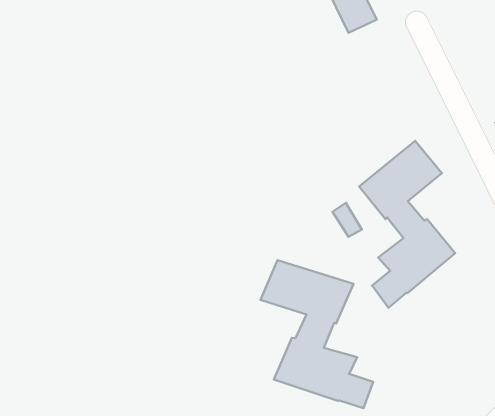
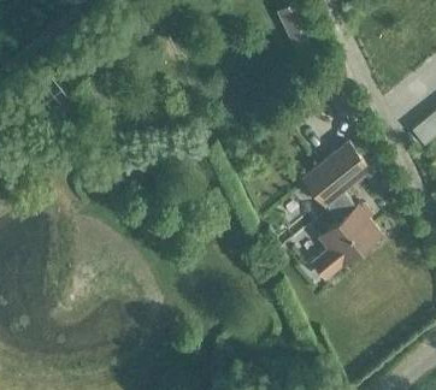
building: [260,260,373,408] -> none

